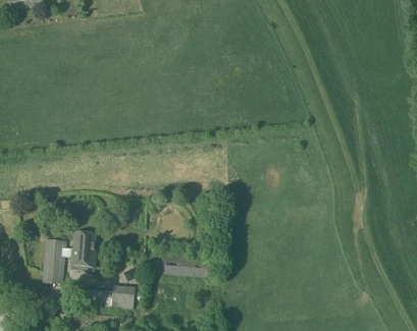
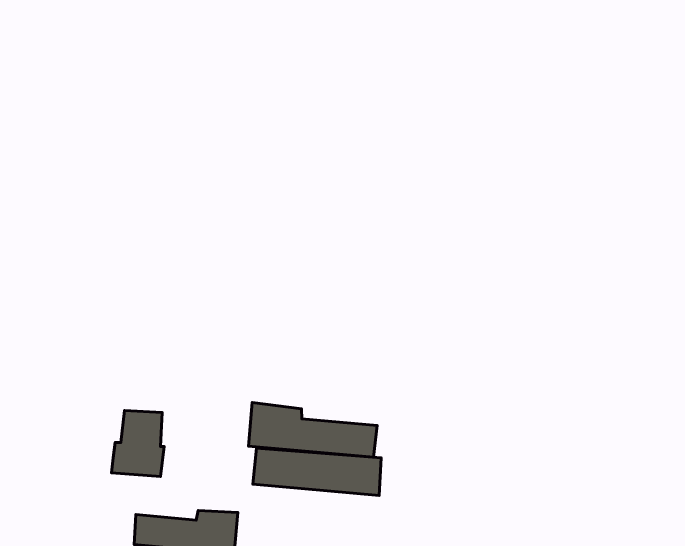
building: none -> [248,403,377,457]
building: [42,239,69,283] -> none

